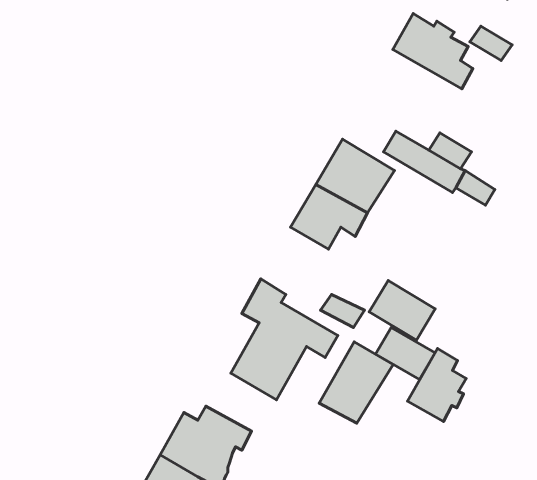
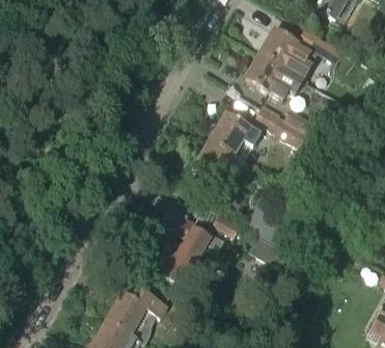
building: none -> [246,51,306,99]
building: [319,342,393,423] -> none
building: [408,349,466,422] -> none

